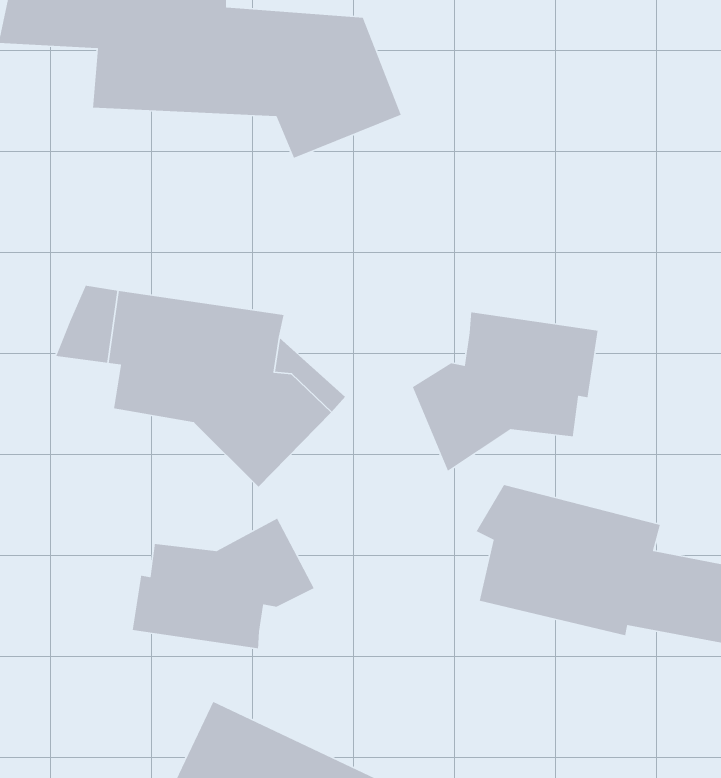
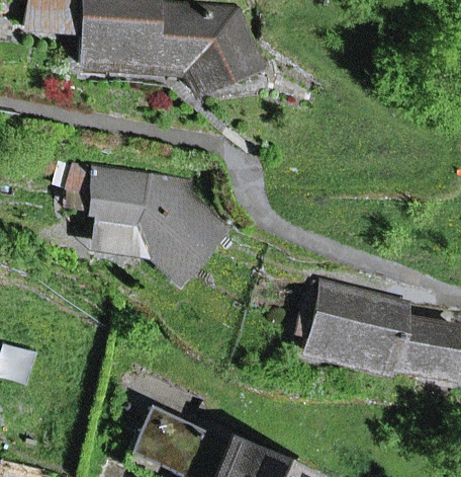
building: [412,311,599,472] -> none
building: [132,518,315,649] -> none

